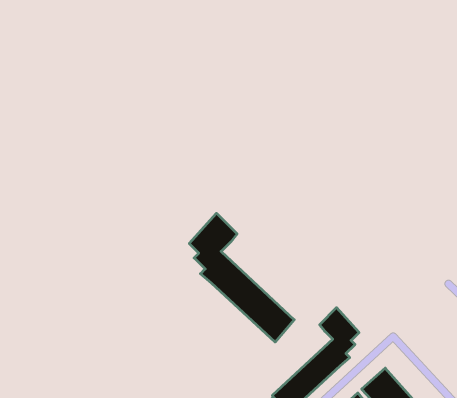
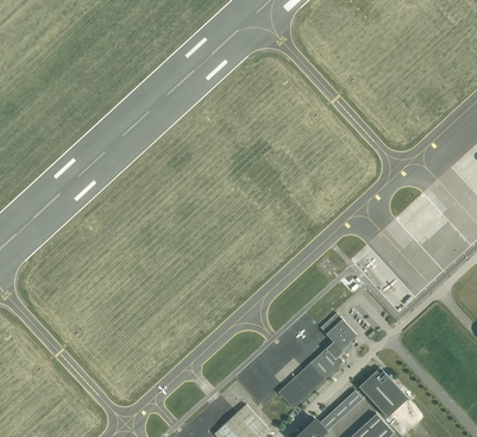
building: [189,213,294,342] -> none

